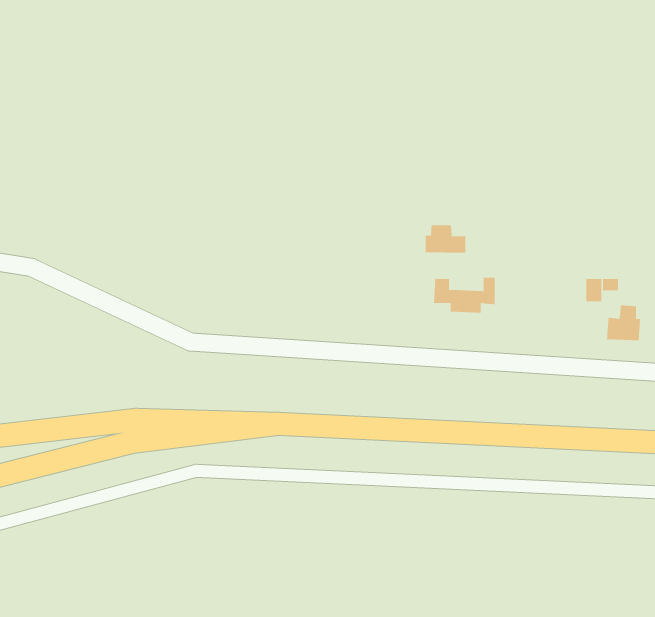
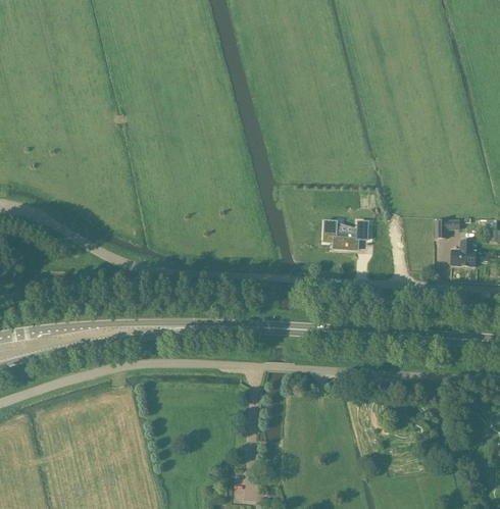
building: [425,225,466,254] -> none

